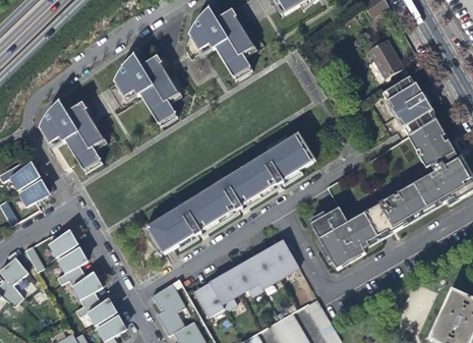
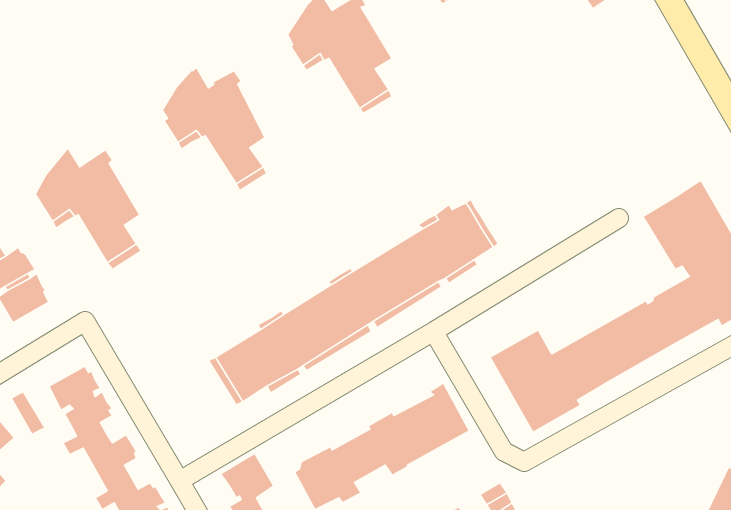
building: [369,39,404,78] -> none
building: [365,77,433,140] -> none

